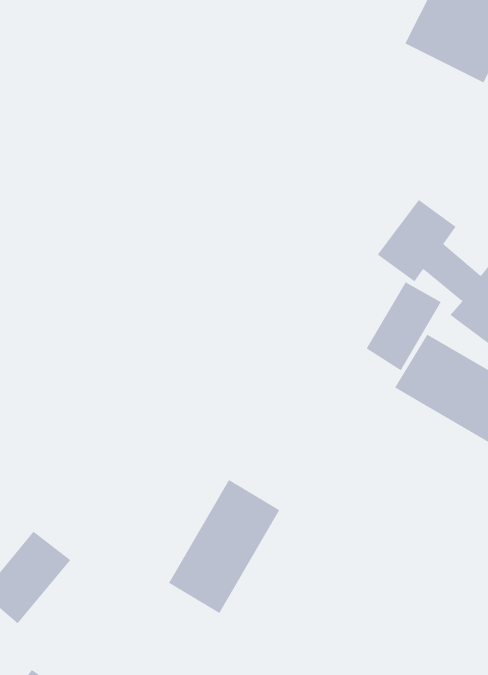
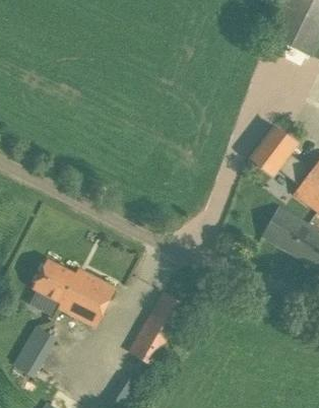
building: [366,281,441,371] -> none
building: none -> [33,260,114,326]

